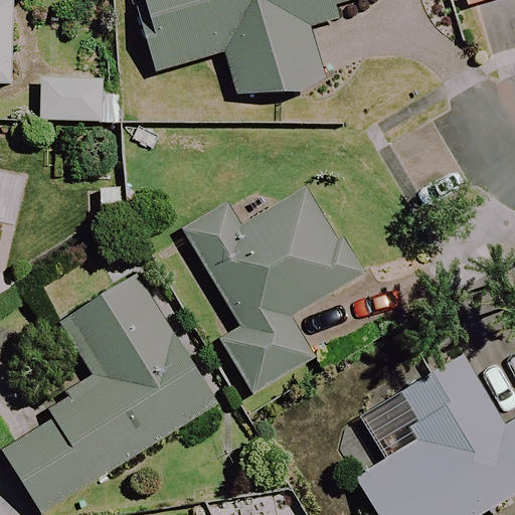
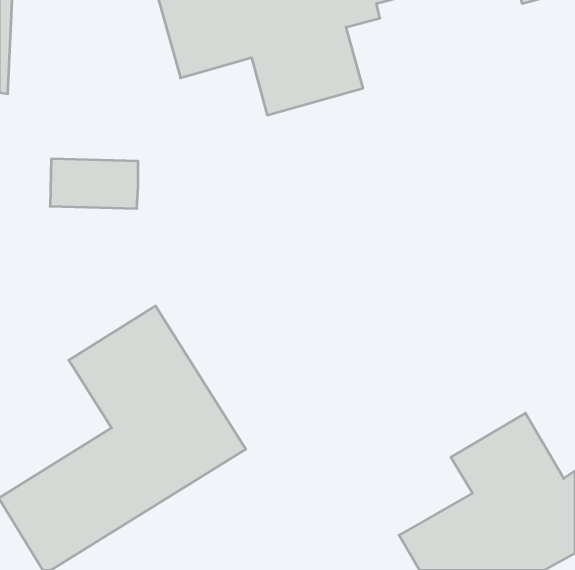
building: [41,77,120,122] -> [50,159,138,209]
building: [185,185,355,393] -> none

